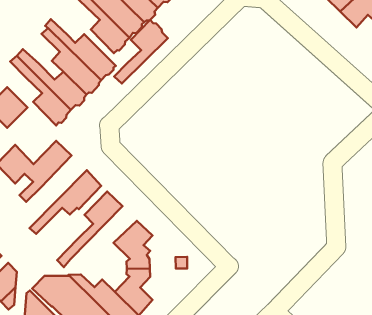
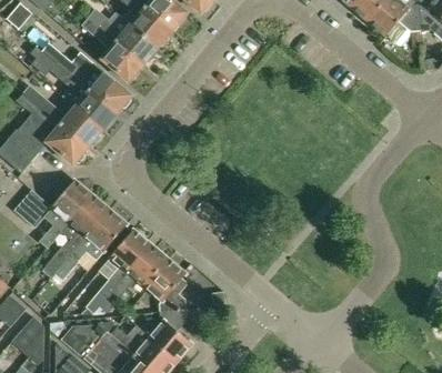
building: [114,20,168,83] -> none
building: none -> [46,194,109,275]
building: none -> [99,244,167,312]

